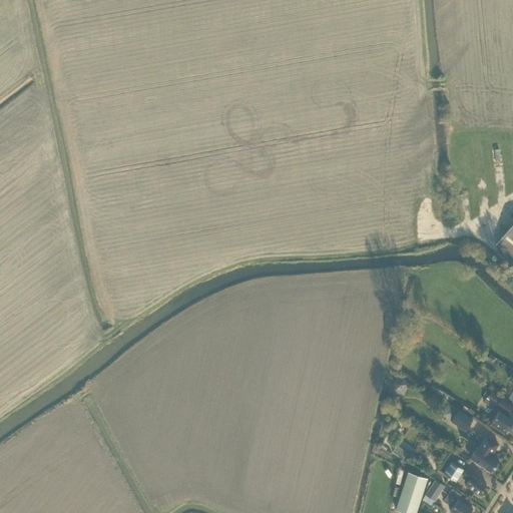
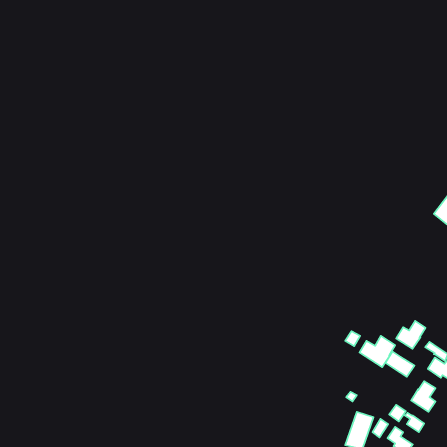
building: none -> [396,321,425,349]
building: none -> [359,336,395,367]

